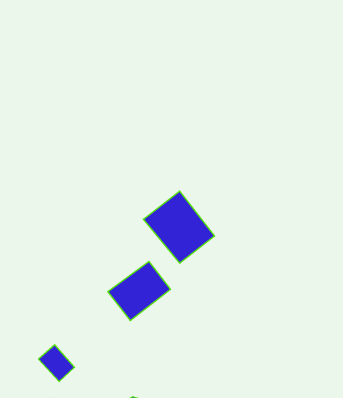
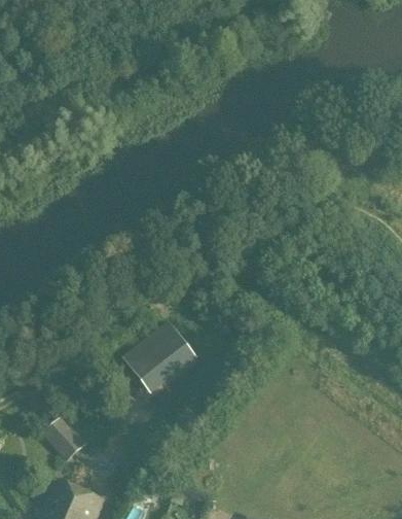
building: [143,191,215,263] -> none

